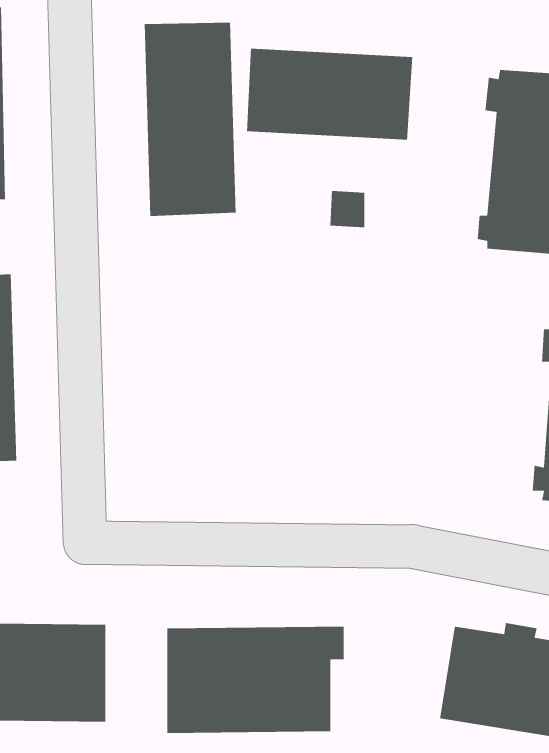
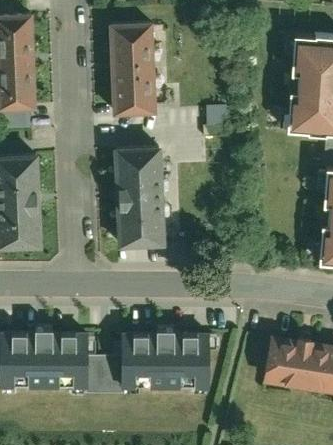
building: [246,48,413,140] -> none
building: none -> [112,138,167,246]
building: none -> [89,354,121,392]

